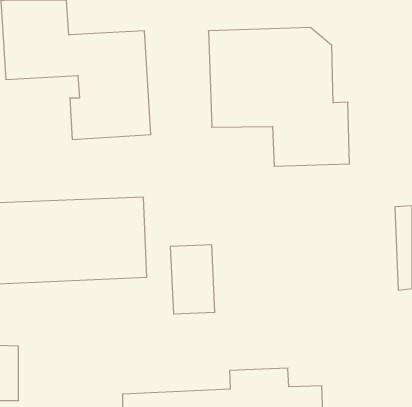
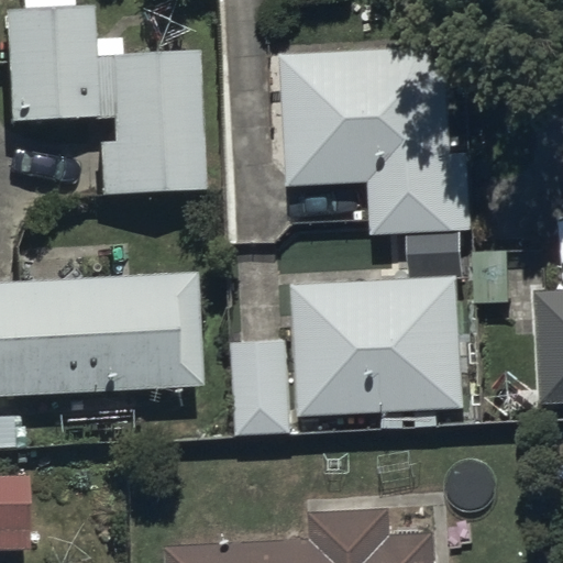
building: none -> [291,273,467,415]

